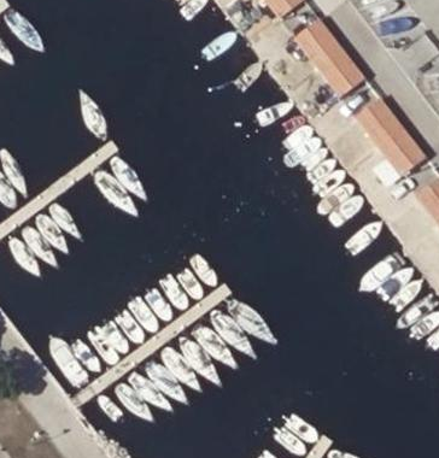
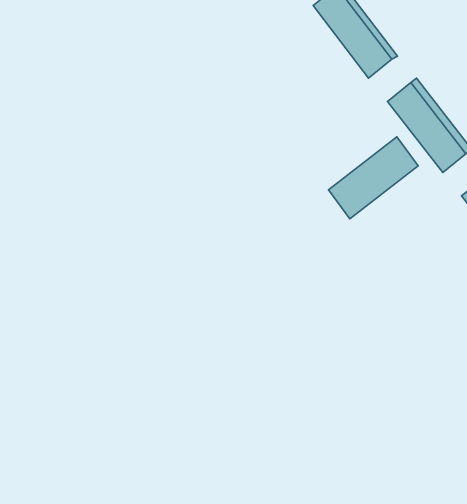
building: none -> [328,137,418,219]

